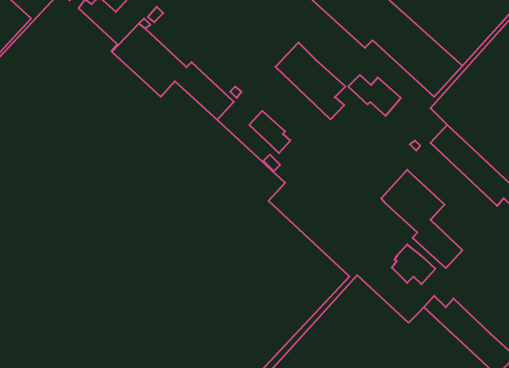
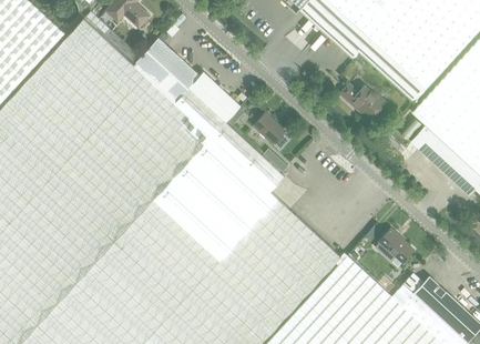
building: [275,42,345,119] -> none
building: [381,170,462,268] -> none

